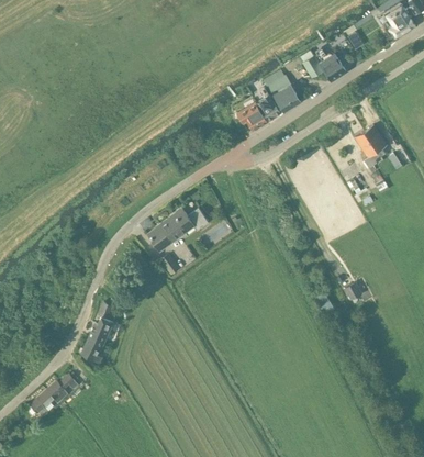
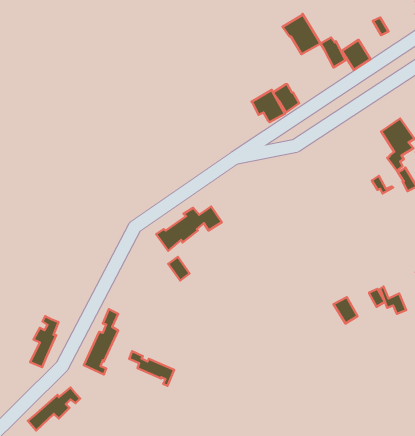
building: [265,75,300,112] -> [282,14,321,54]
building: none -> [30,316,58,367]
building: none -> [129,351,174,386]

